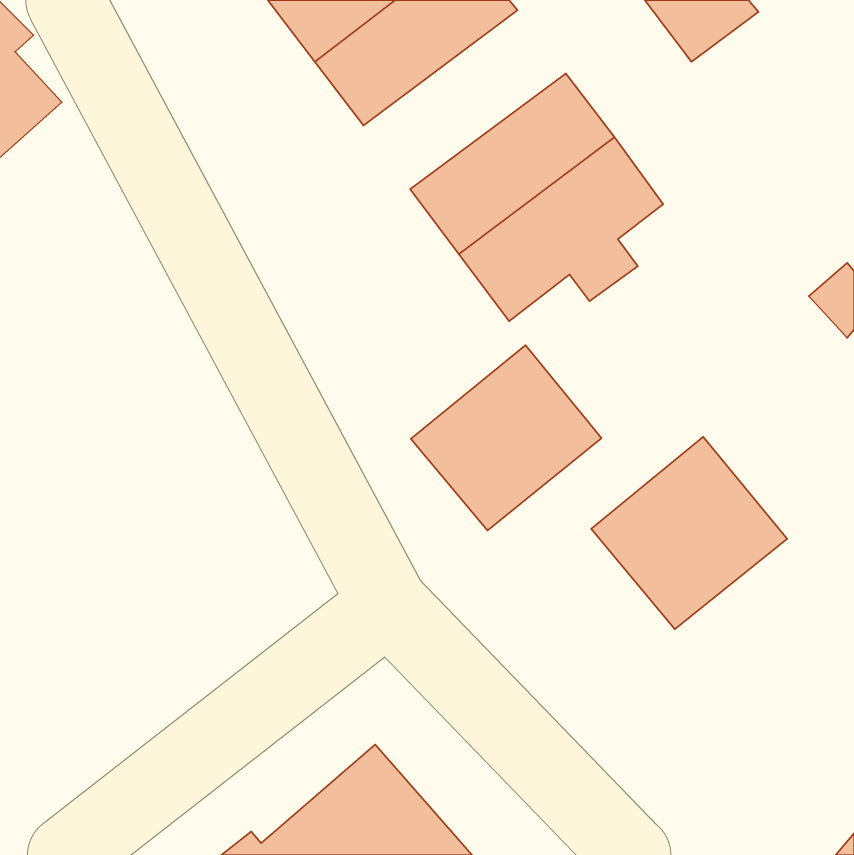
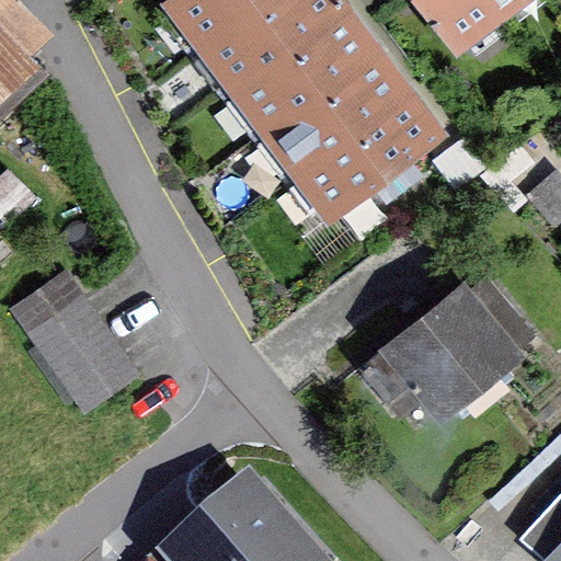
building: none -> [238,7,370,124]
building: [411,345,602,530] -> none
building: none -> [12,270,136,409]

